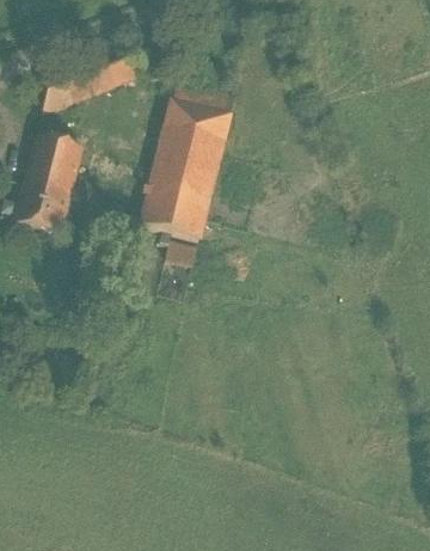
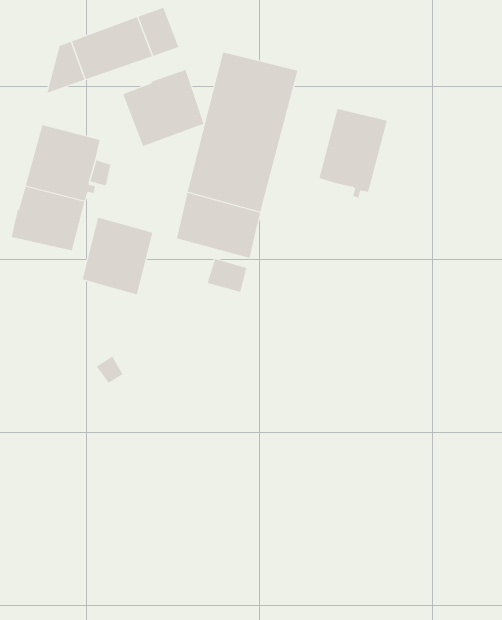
building: none -> [123,69,204,147]
building: none -> [319,108,388,198]
building: none -> [82,217,153,295]

